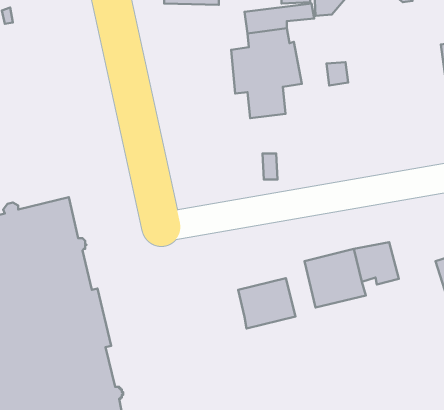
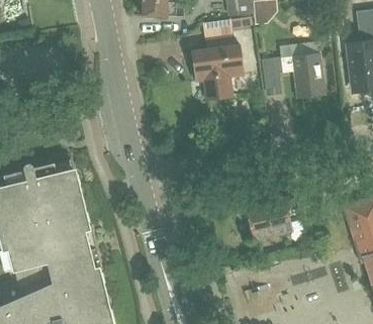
building: none -> [280,53,324,98]
building: [238,278,296,328] -> none

